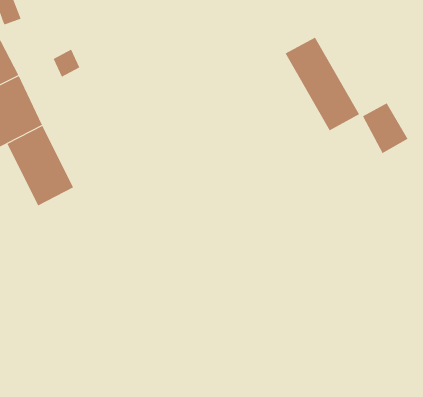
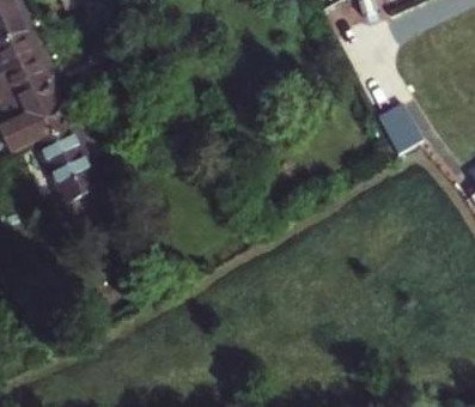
building: [285,37,360,131] -> none

